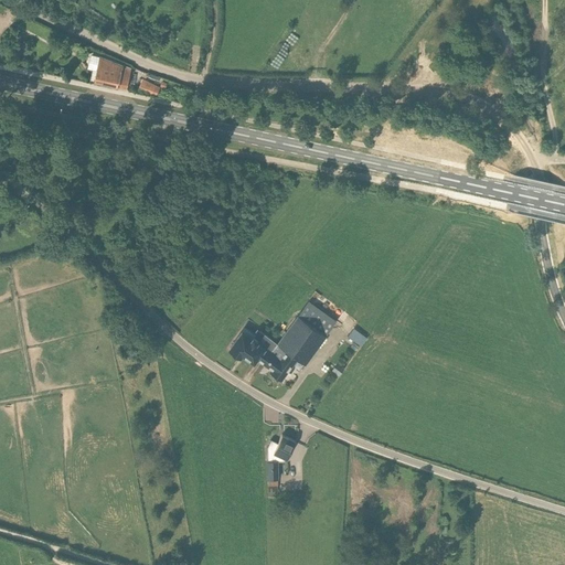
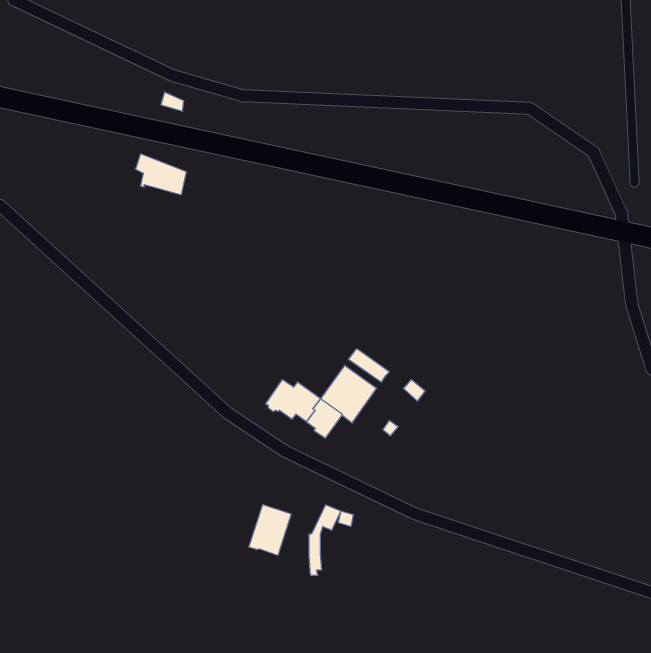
building: [87,54,131,89] -> [135,154,186,195]
building: none -> [249,505,291,555]

